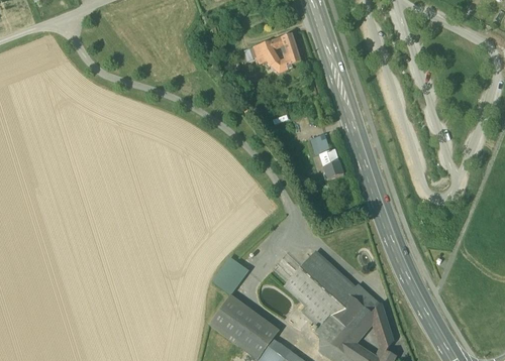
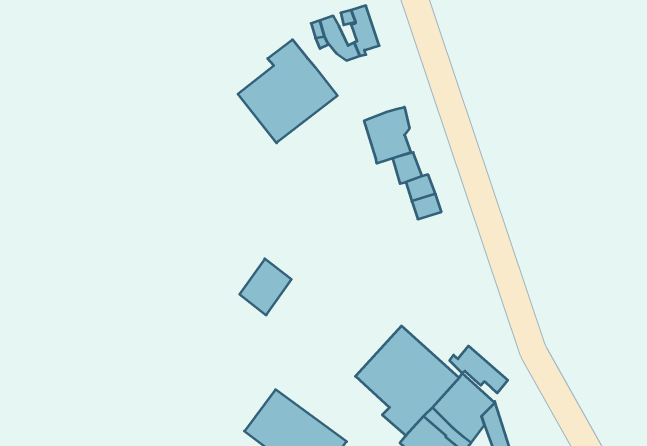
building: none -> [238,40,337,143]
building: none -> [364,107,411,163]
building: [212,256,247,294] -> [240,259,291,315]
building: none -> [450,346,508,393]

